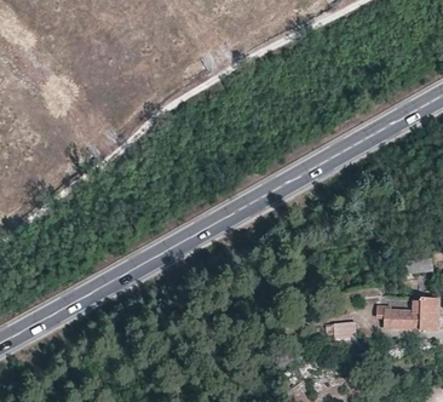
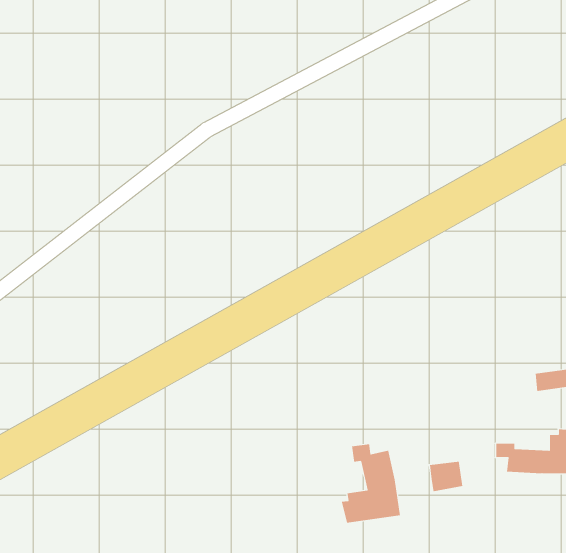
building: none -> [341,443,400,524]

